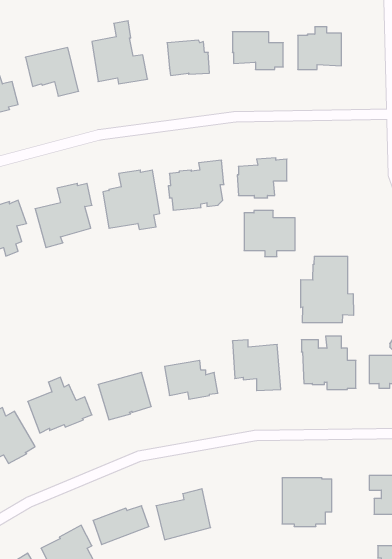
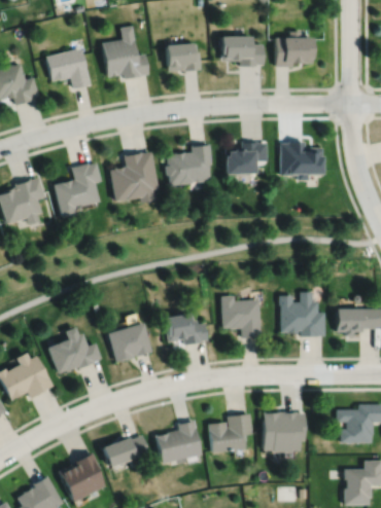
building: [244,211,295,257] -> [280,141,323,180]
building: [301,256,353,323] -> none
building: none -> [208,414,253,453]

